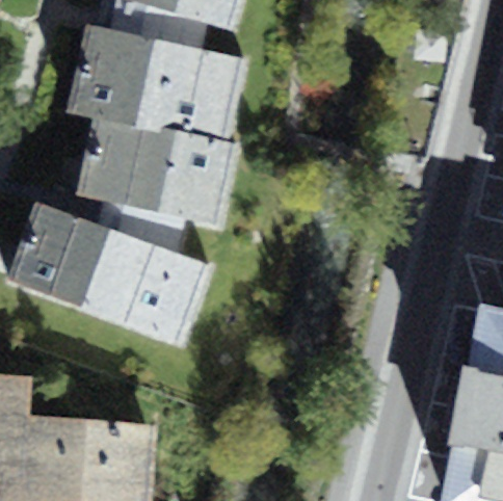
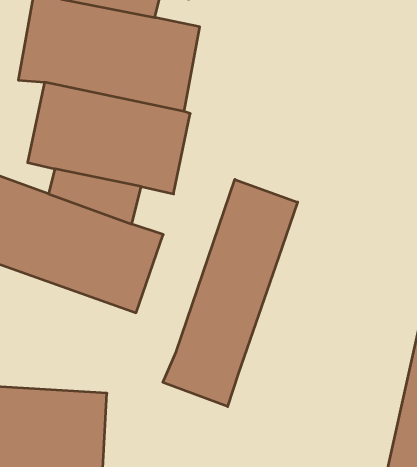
building: none -> [163,179,298,407]

